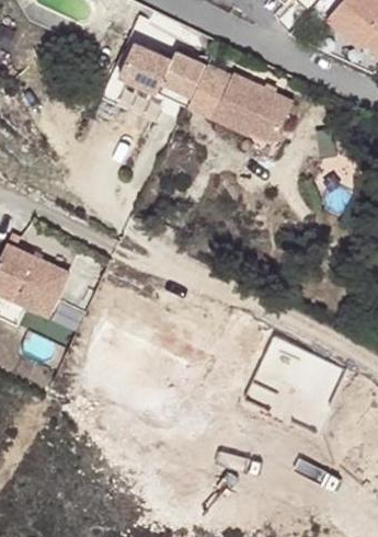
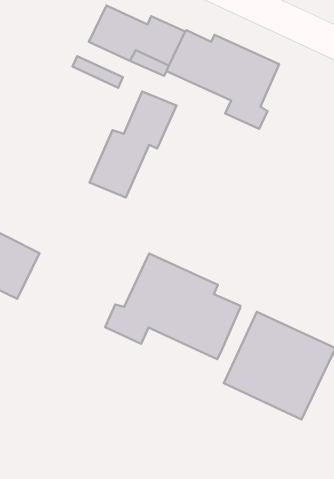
building: none -> [89,92,176,197]
building: none -> [105,253,241,359]

